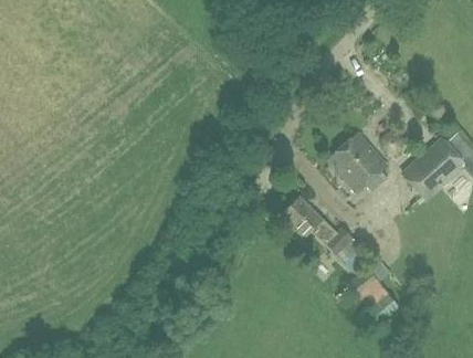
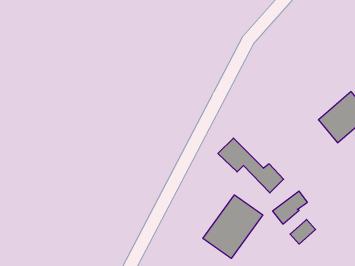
building: [327,133,386,190] -> none
building: none -> [203,195,263,258]

